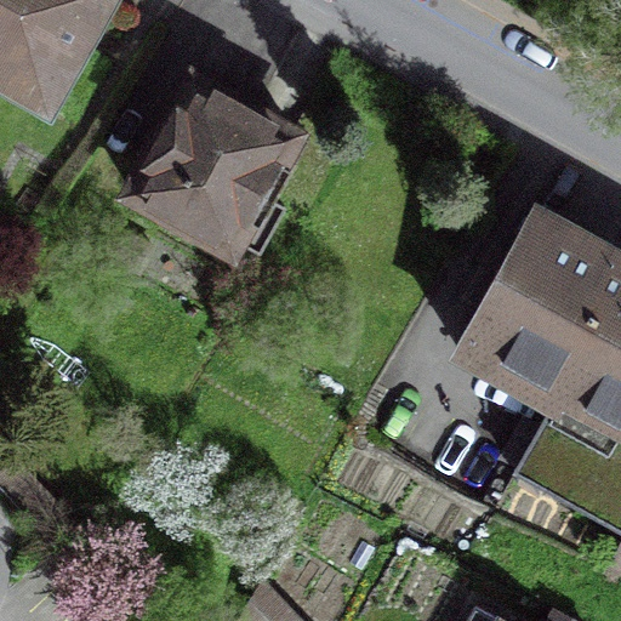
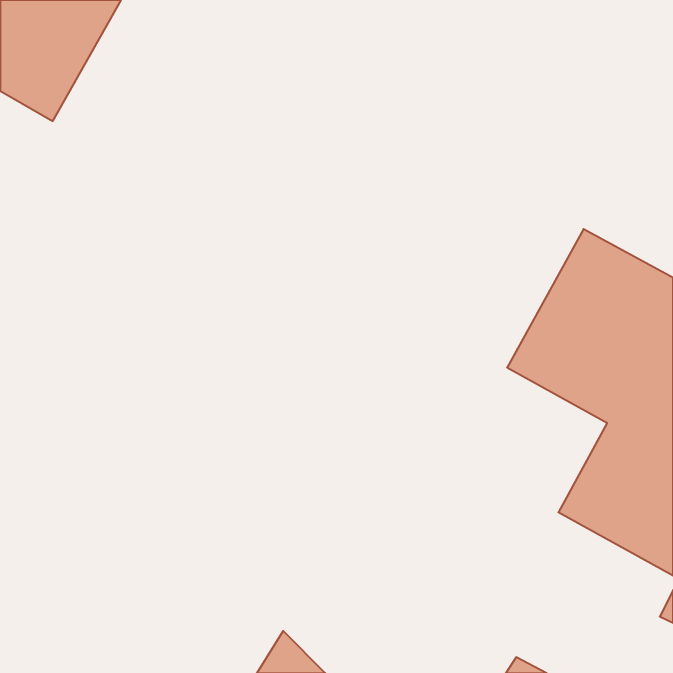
building: [127,78,294,252] -> none

